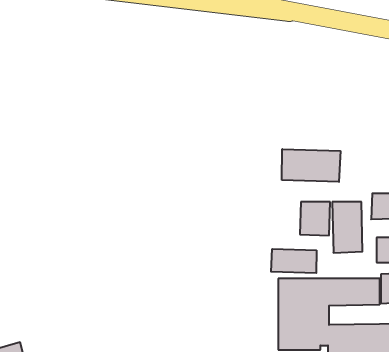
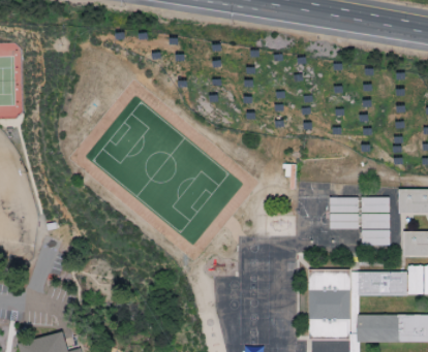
building: [282,149,340,182] -> none
building: [271,249,316,273] -> none

